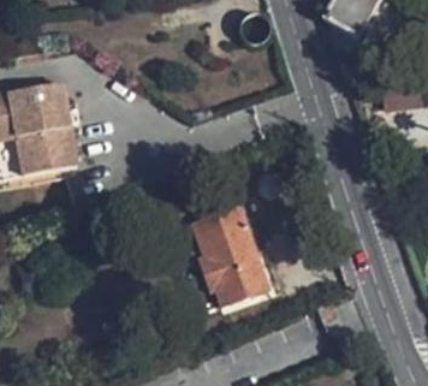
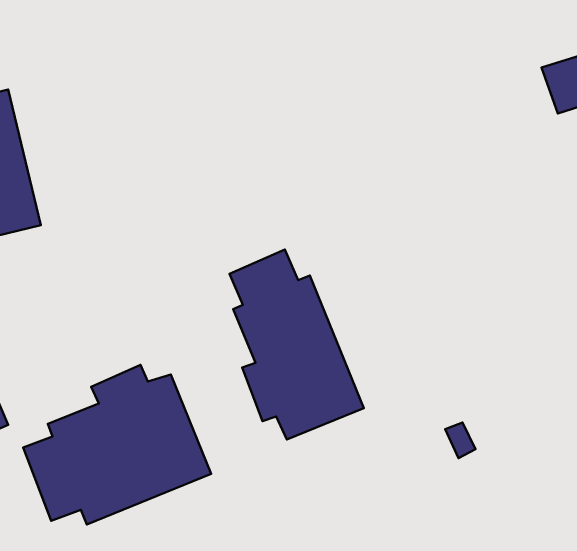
building: none -> [23,365,211,525]

